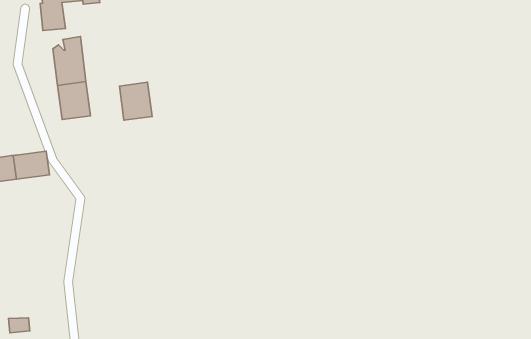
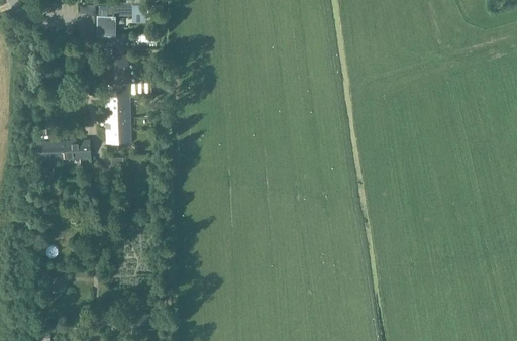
building: [119,82,152,120] -> [106,114,131,144]

